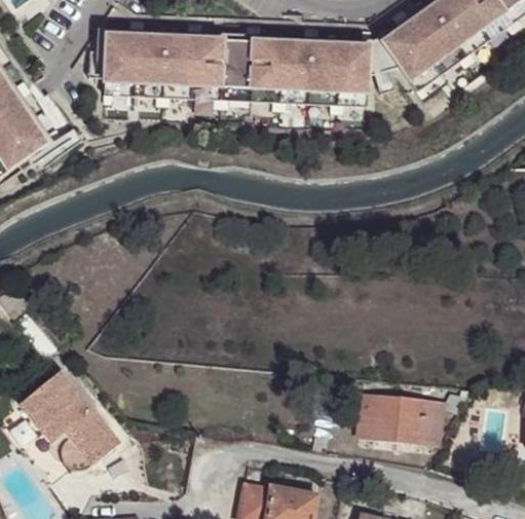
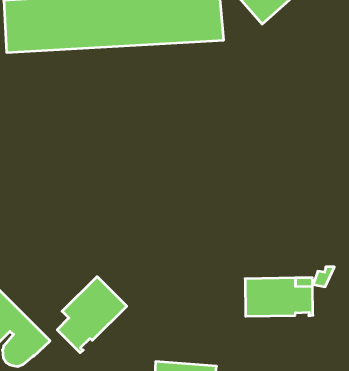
building: none -> [57,277,127,353]

